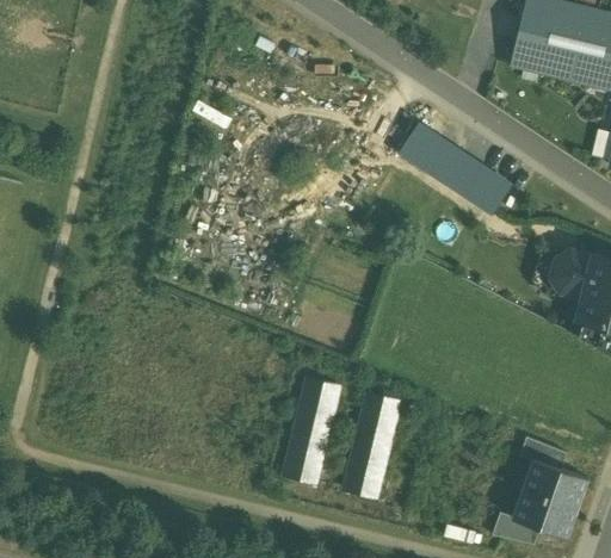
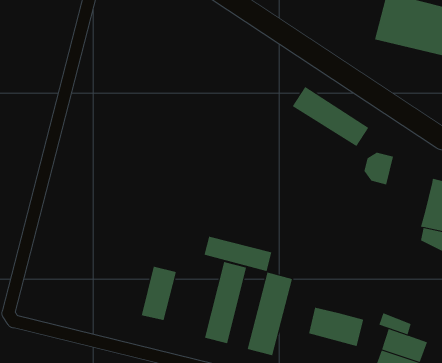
building: [553,254,594,299] -> [364,152,394,185]
building: none -> [204,236,272,272]
building: none -> [141,266,177,321]
building: none -> [308,307,364,347]

